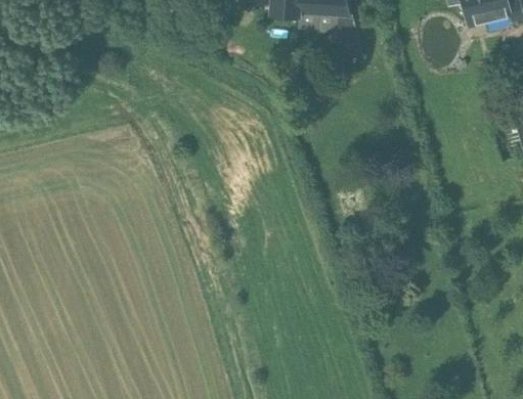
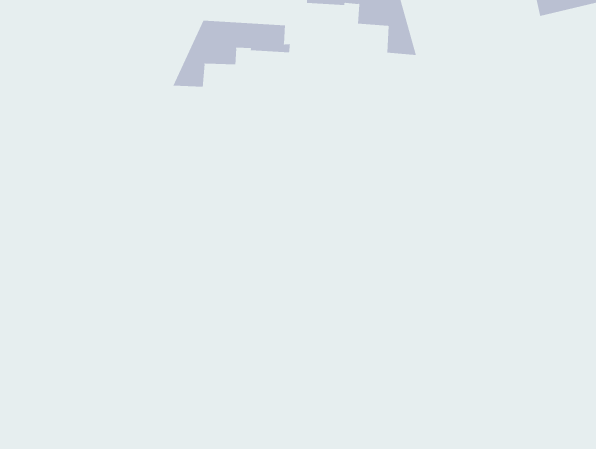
building: none -> [172,20,291,87]

